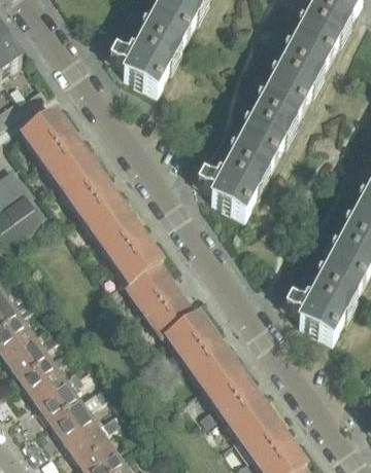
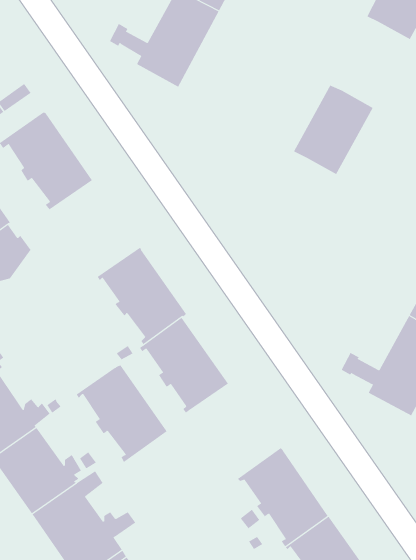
building: [268,34,329,103] -> none
building: [189,136,273,211] -> none
building: [56,157,125,230] -> none
building: [162,308,231,383] -> [76,365,167,463]

